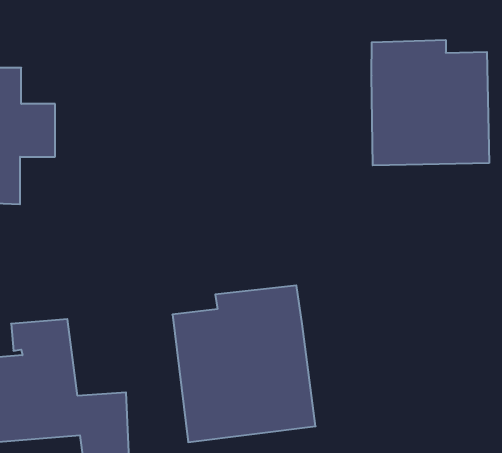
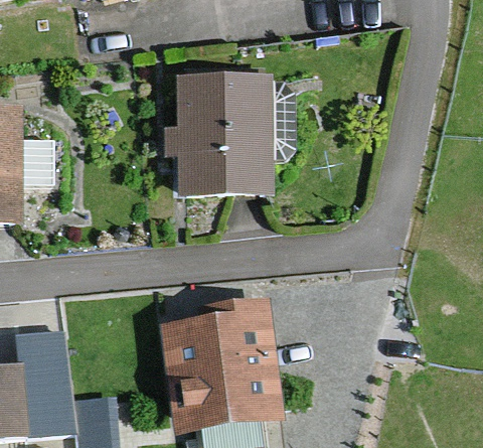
building: none -> [163,73,274,195]
building: [372,40,489,165] -> none

